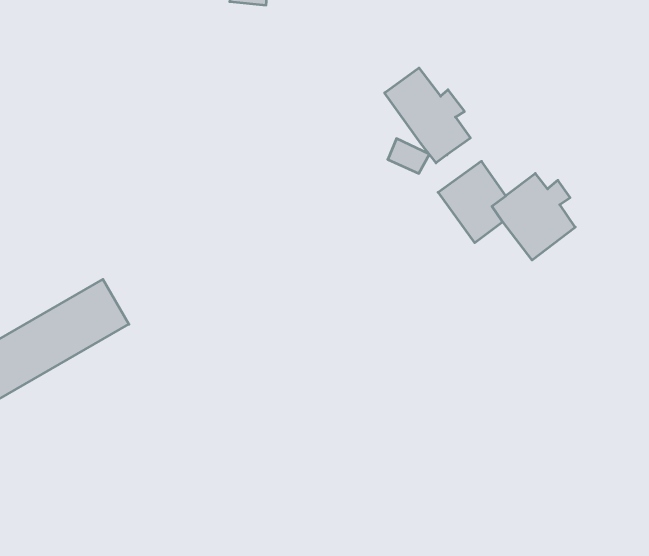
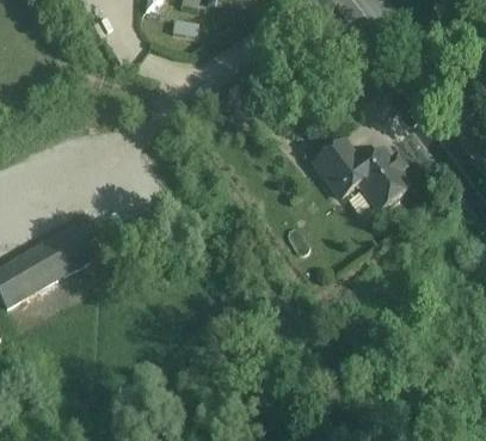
building: [385,68,470,163] -> none

